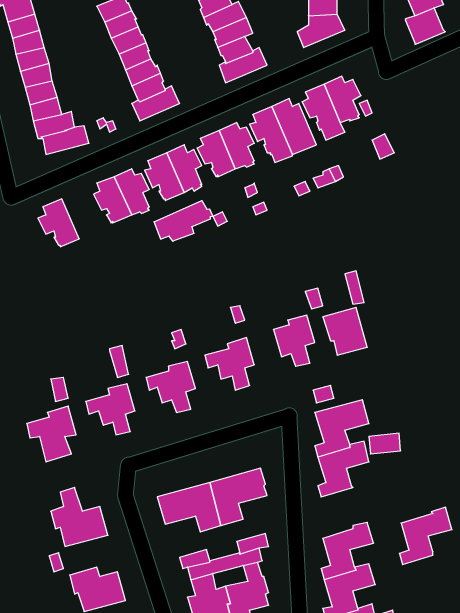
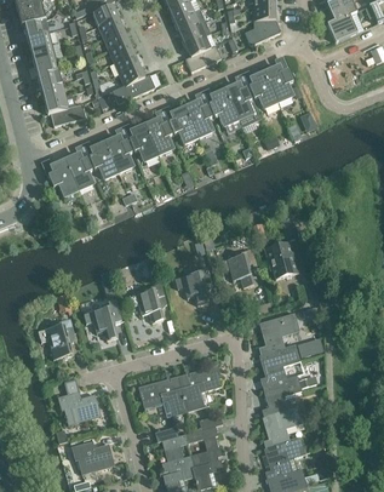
building: none -> [65,153,92,189]
building: [154,201,213,241] -> none
building: [399,507,452,565] -> [262,373,302,417]

